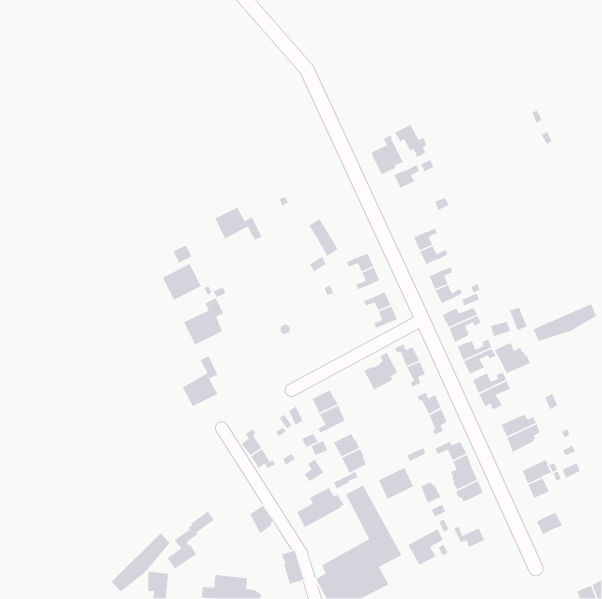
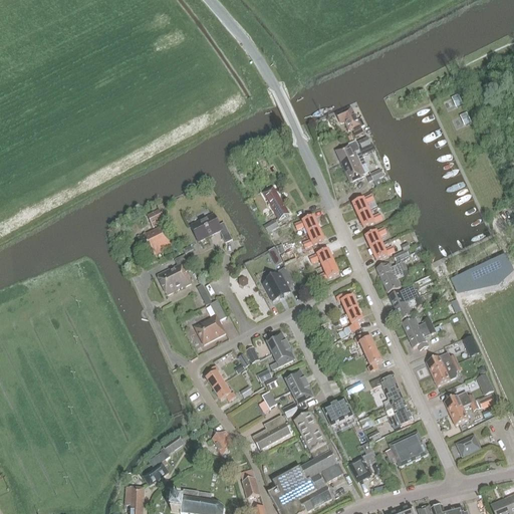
building: [371,134,404,175] -> [340,146,368,181]
building: [214,206,263,241] -> [191,212,232,241]
building: [493,342,531,374] -> none
building: [363,352,398,391] -> [263,266,293,299]
building: [182,355,218,407] -> [194,299,225,343]
building: none -> [389,431,428,460]
building: [111,532,171,592] -> none

